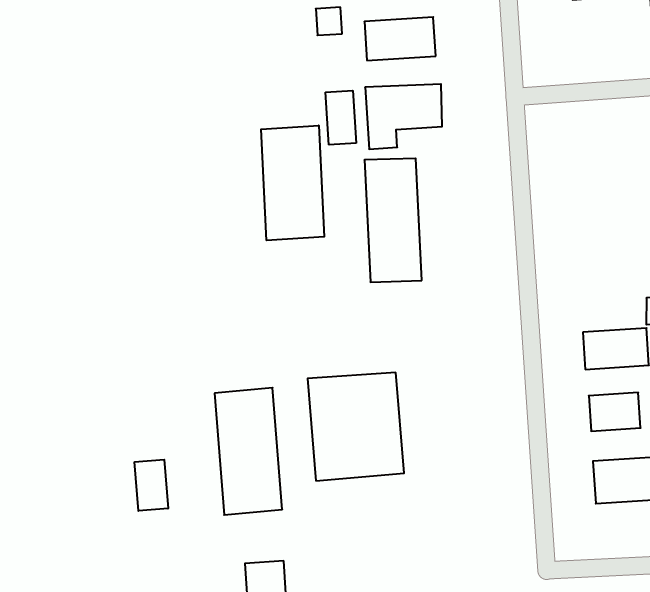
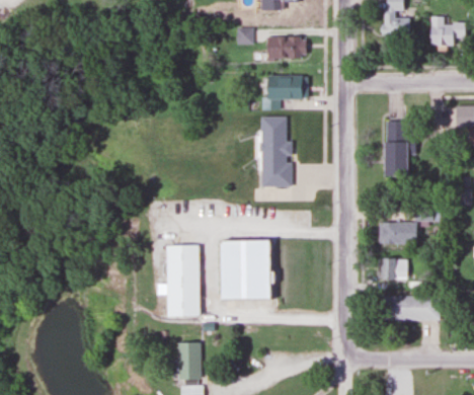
building: [326,91,356,145] -> none
building: [261,125,324,240] -> none
building: none -> [383,121,406,177]
building: [135,460,168,511] -> none

